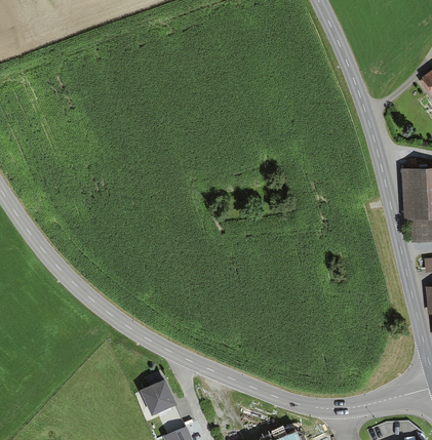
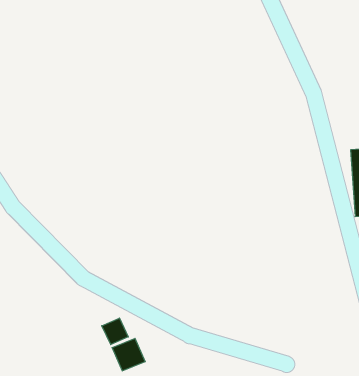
building: none -> [102,318,128,345]

